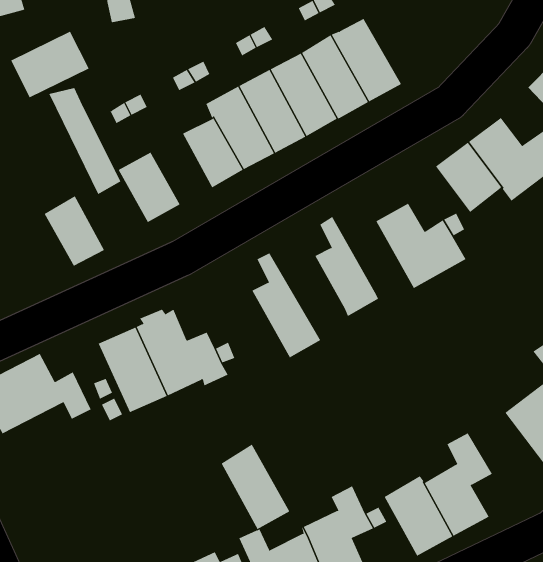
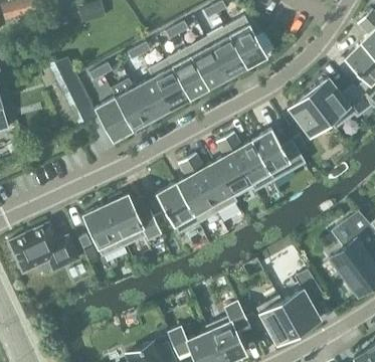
building: [10,31,89,98] -> none
building: [44,196,105,267] -> [114,87,151,131]
building: none -> [224,134,273,192]
building: none -> [186,155,235,213]
building: [221,444,290,530] -> [156,183,198,235]

